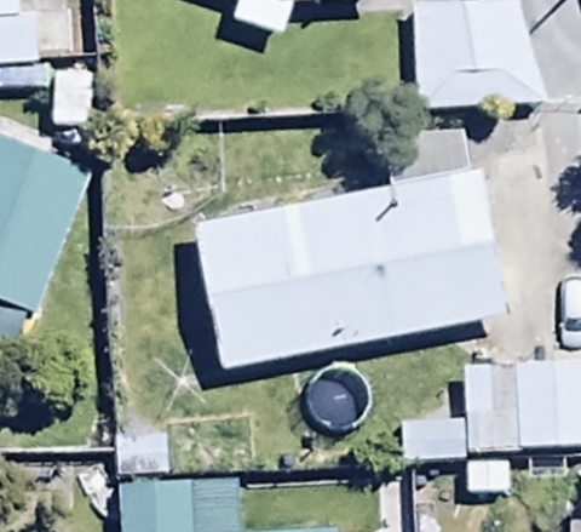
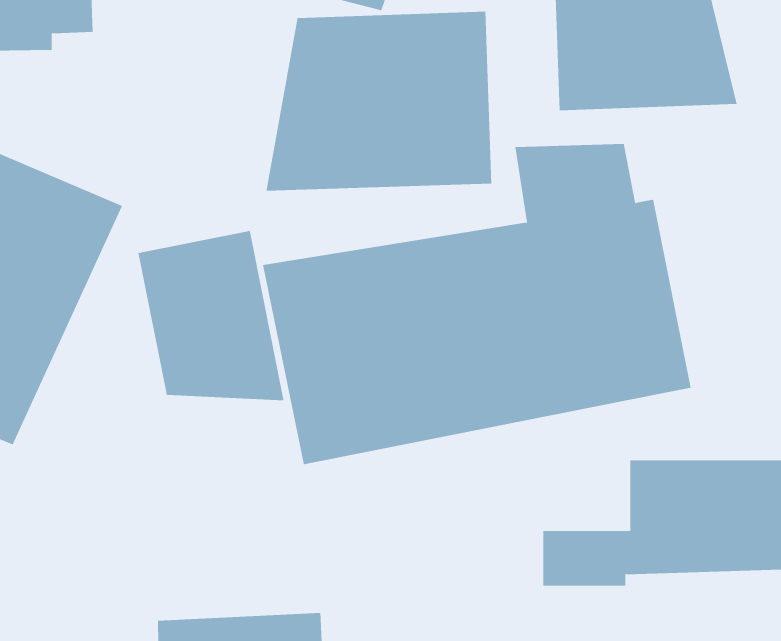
building: none -> [266,11,492,191]
building: none -> [138,230,284,401]

